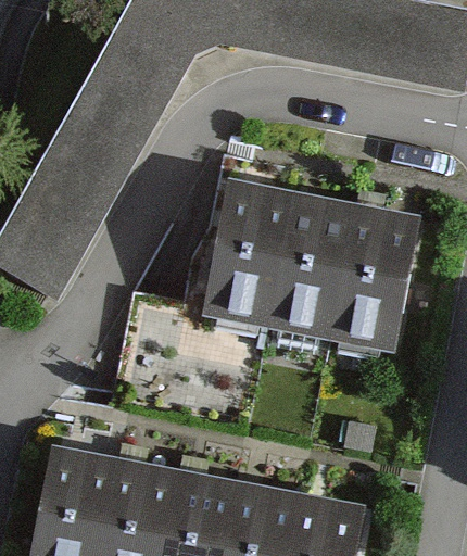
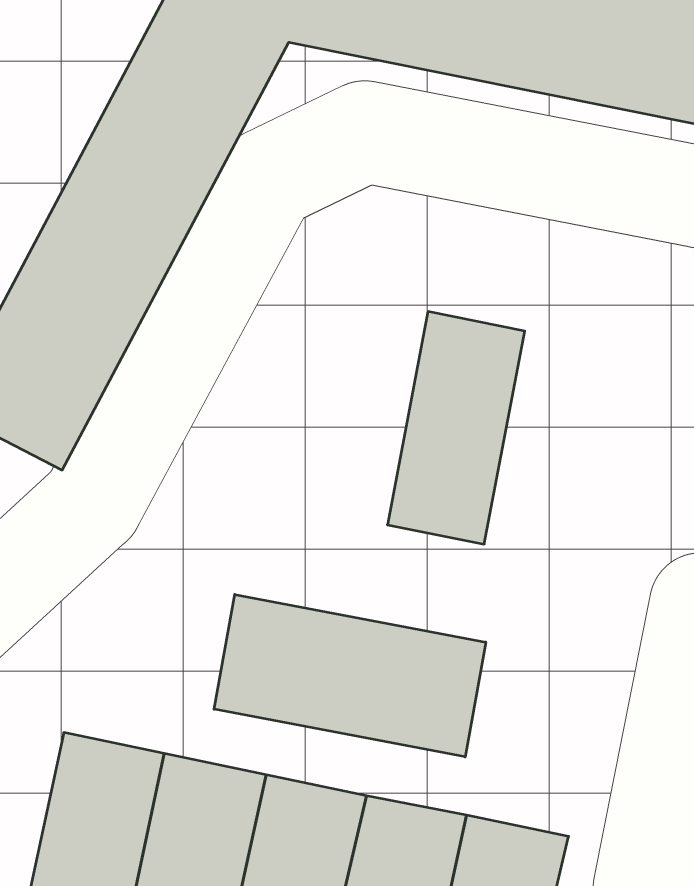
building: [204,181,290,324] -> none
building: [325,204,411,346] -> none
building: none -> [214,594,486,757]

